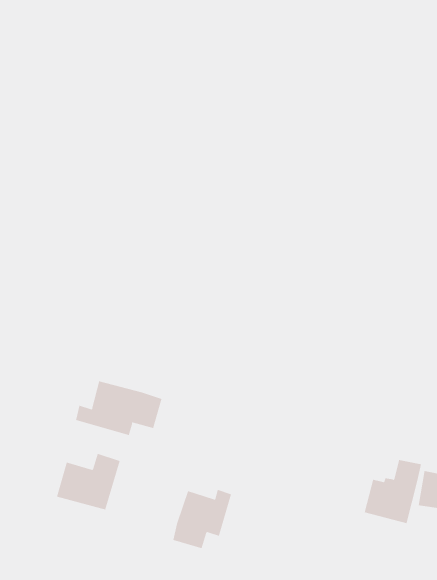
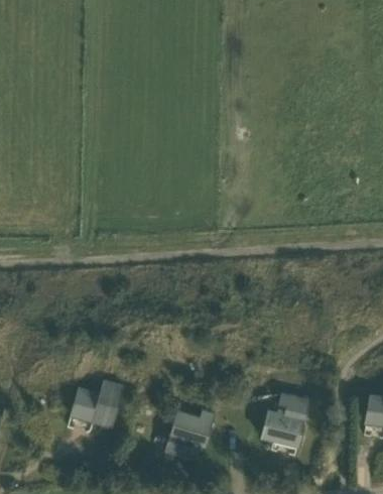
building: [75,381,162,436] -> none
building: [364,459,422,524] -> [261,394,308,447]

